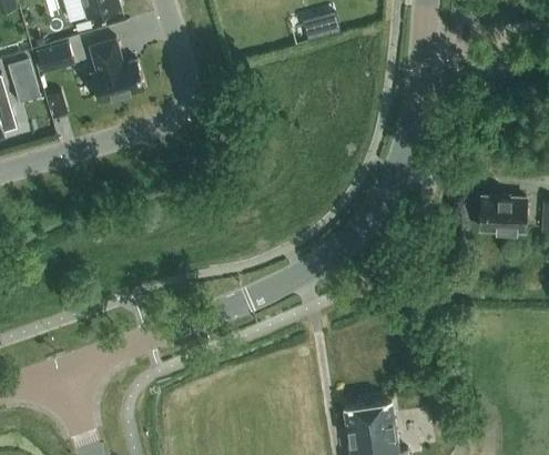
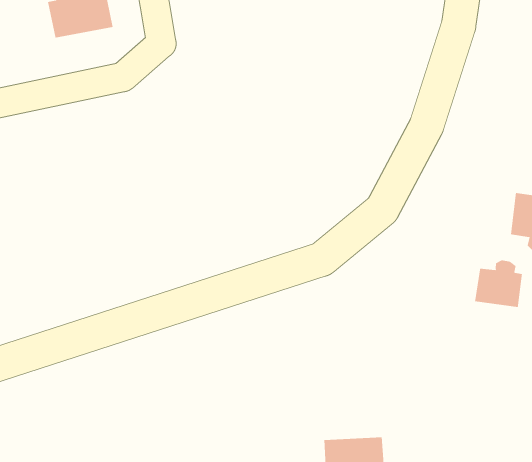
building: none -> [475,259,523,308]

